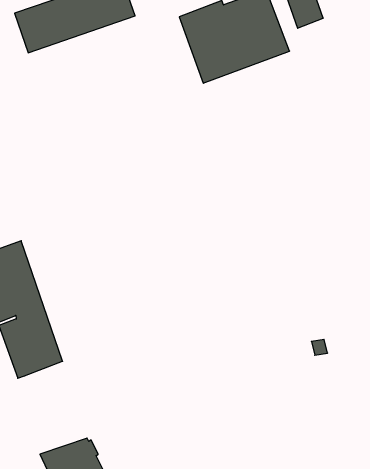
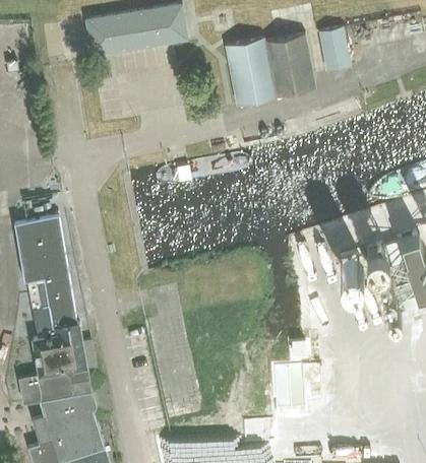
building: none -> [19,324,92,404]

